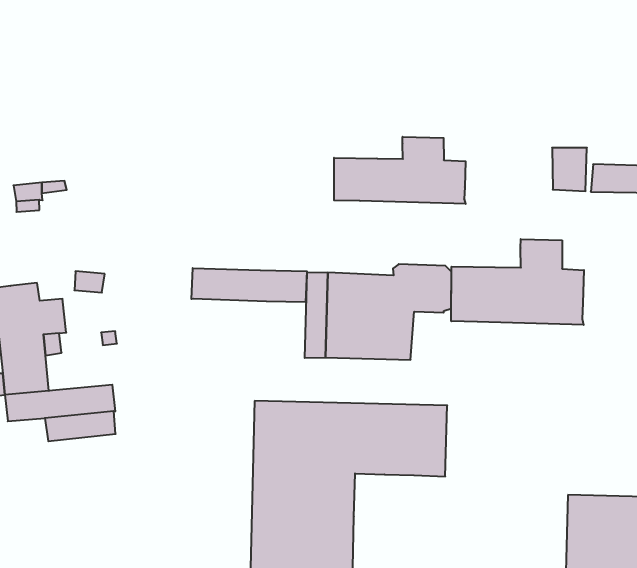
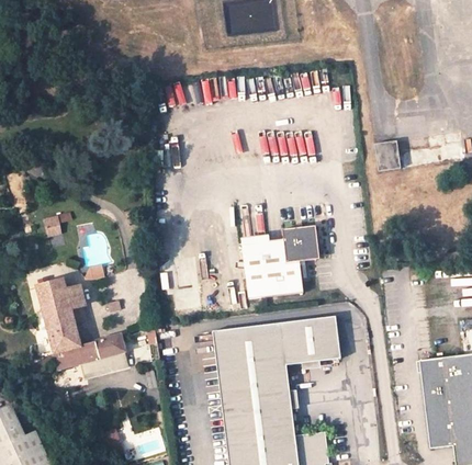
building: [334,137,466,204] -> none
building: [451,239,584,325] -> none
building: [191,268,307,302] -> none

